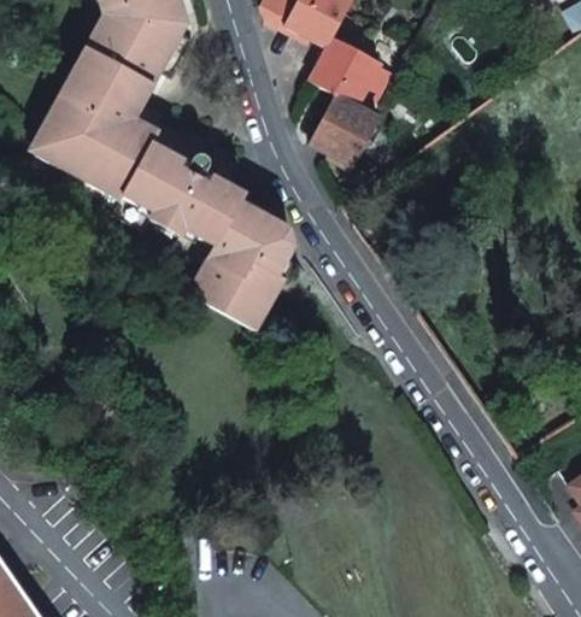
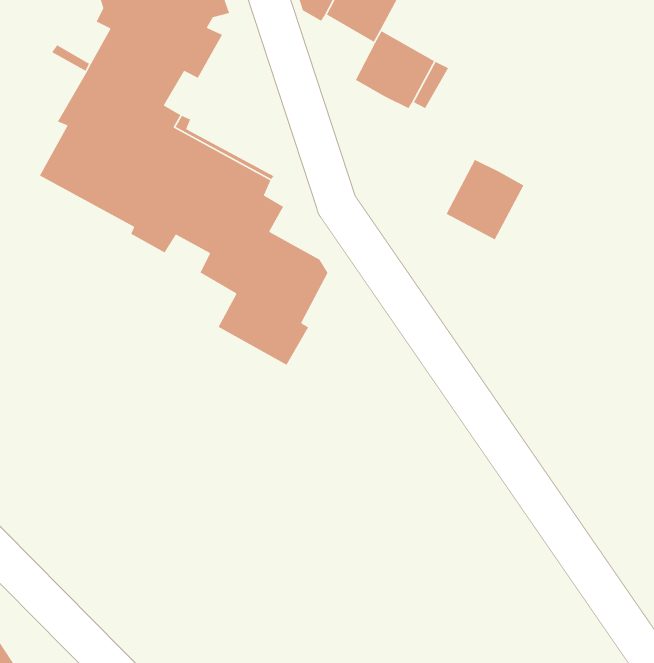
building: [310,94,378,165] -> [445,159,524,241]

